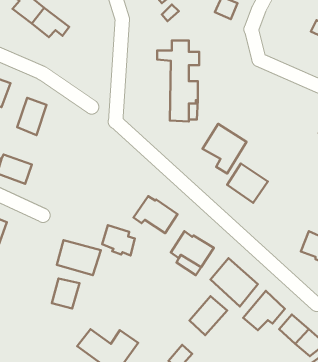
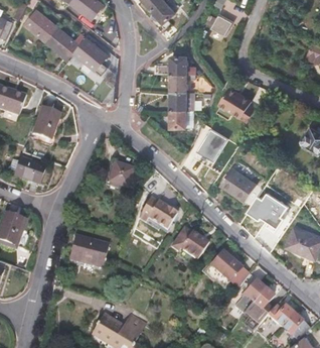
building: none -> [73,38,107,65]
building: none -> [216,86,255,121]
building: none -> [247,195,288,230]
building: [102,225,135,256] -> [109,161,138,189]
building: [52,279,79,308] -> none
building: [190,296,227,335] -> none

